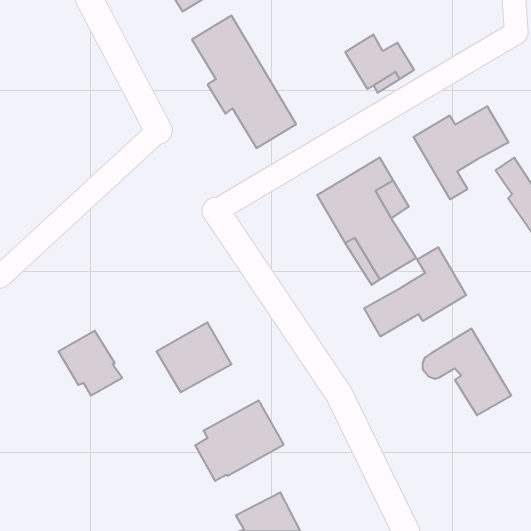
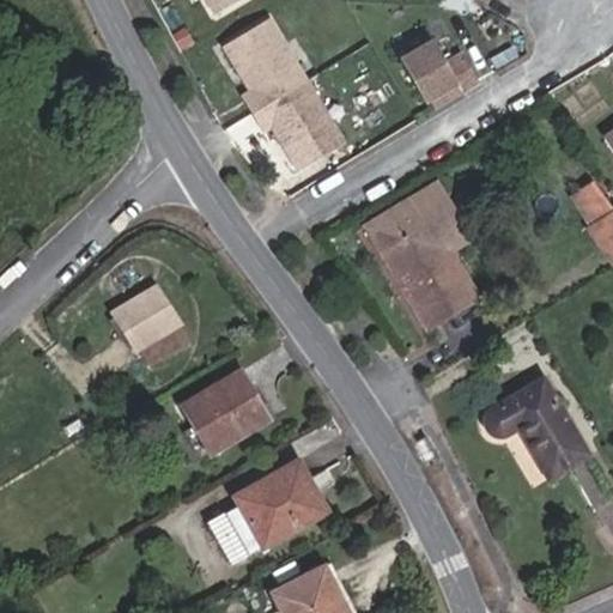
building: [414,106,508,199] -> none
building: [364,247,466,336] -> none
building: [58,331,122,395] -> [114,286,187,360]

